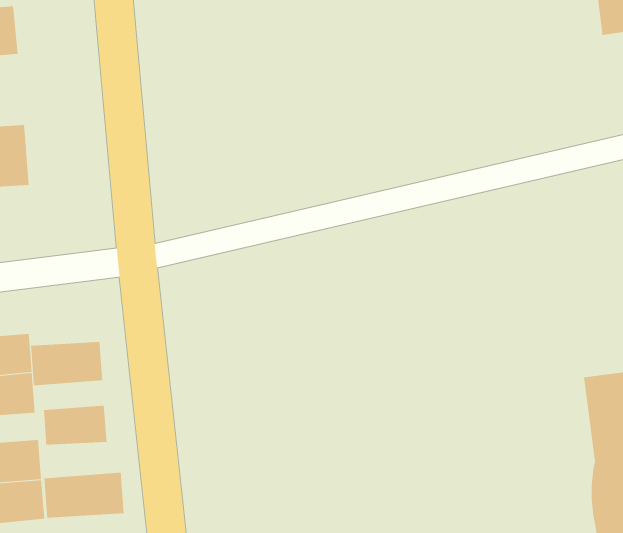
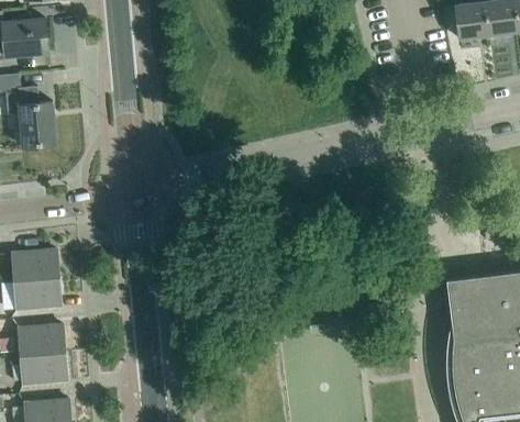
building: [30,341,103,386] -> none
building: [43,405,107,446] -> none
building: [44,472,124,518] -> none

